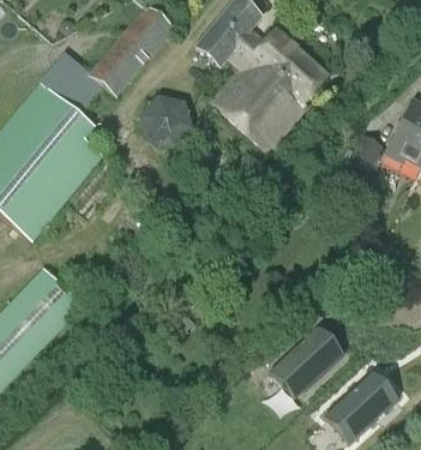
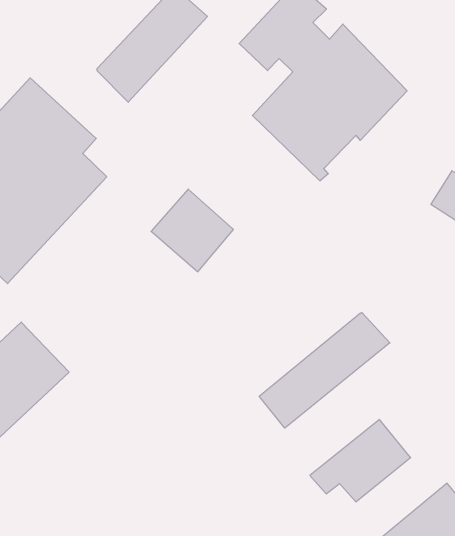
building: [41,52,104,115] -> none
building: [137,86,199,149] -> [151,189,233,272]
building: none -> [259,313,390,428]

